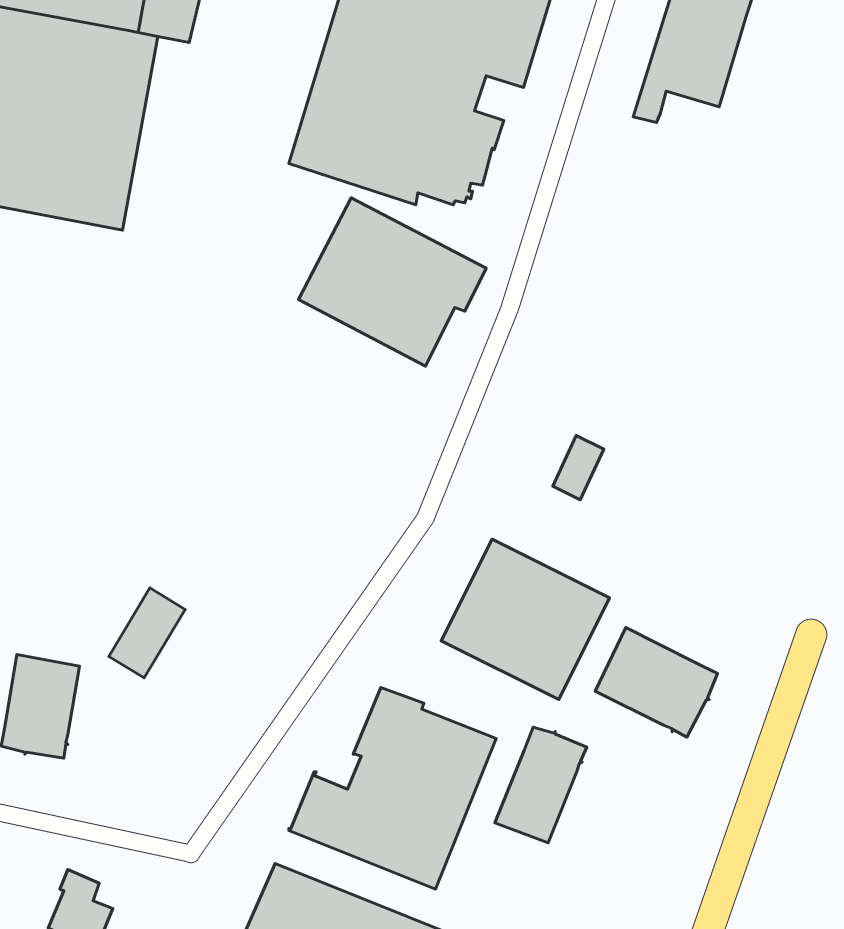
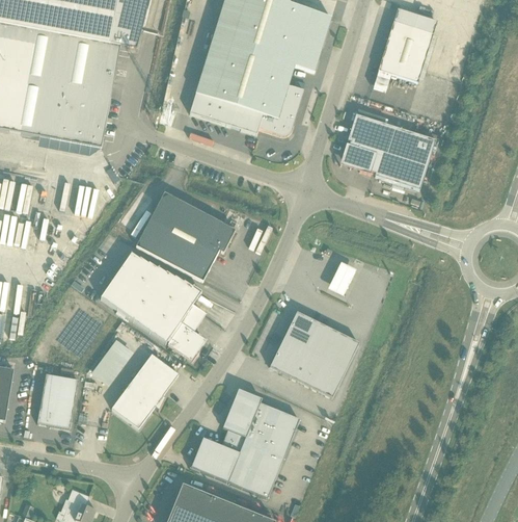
building: none -> [342,112,435,188]
building: [298,198,486,366] -> [135,190,235,280]
building: none -> [100,252,203,360]
building: none -> [111,353,178,426]
building: [595,628,717,737] -> none
building: [495,727,587,843] -> none

